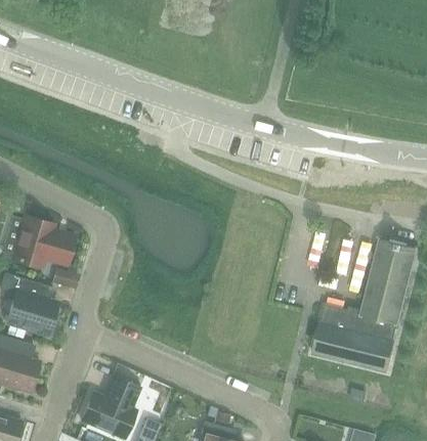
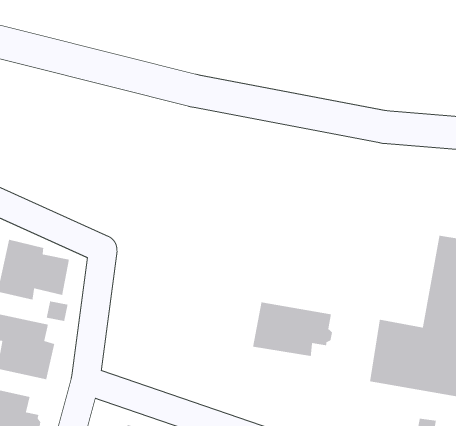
building: none -> [252,302,333,357]

